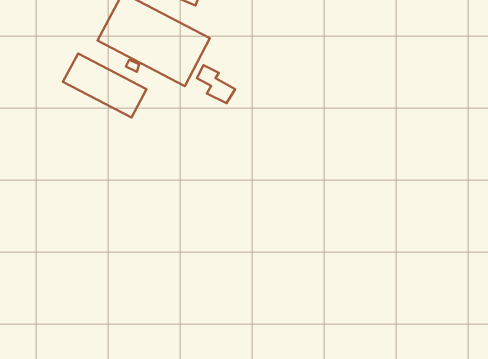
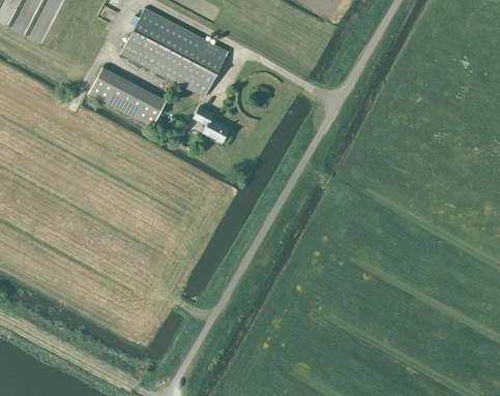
building: [197,65,235,103] -> [194,106,230,143]

